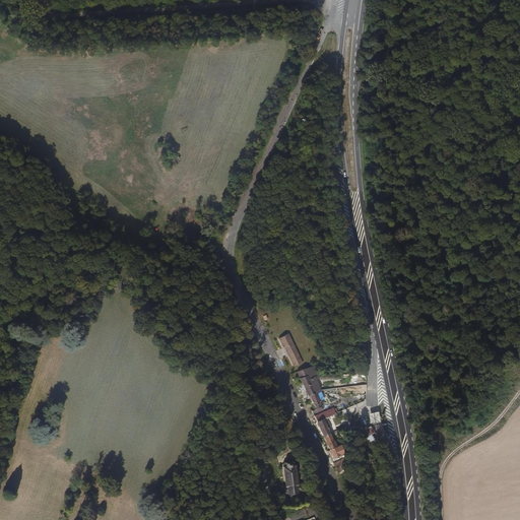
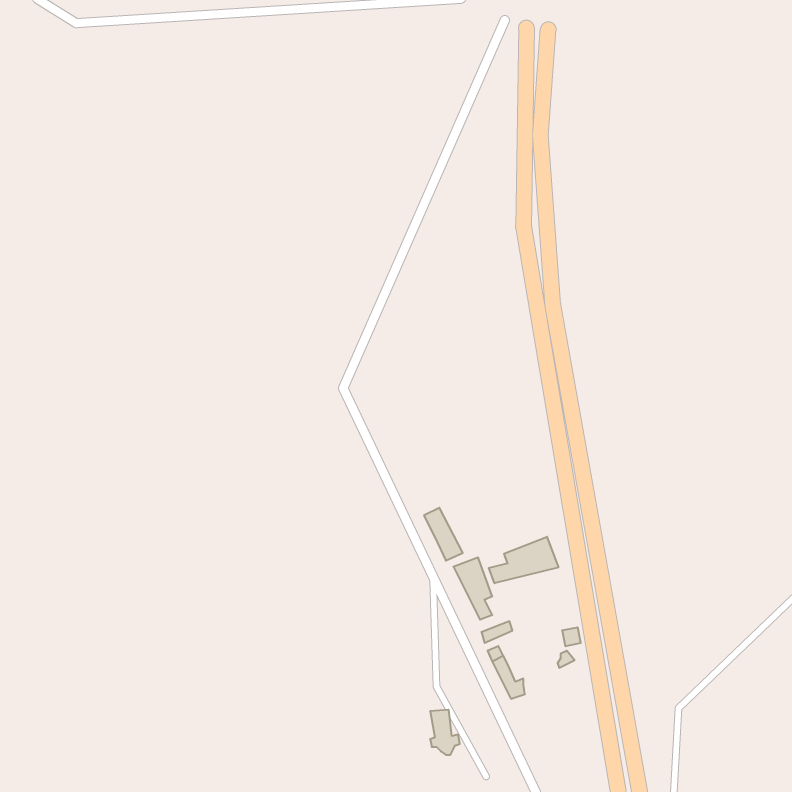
building: none -> [489,537,558,583]

